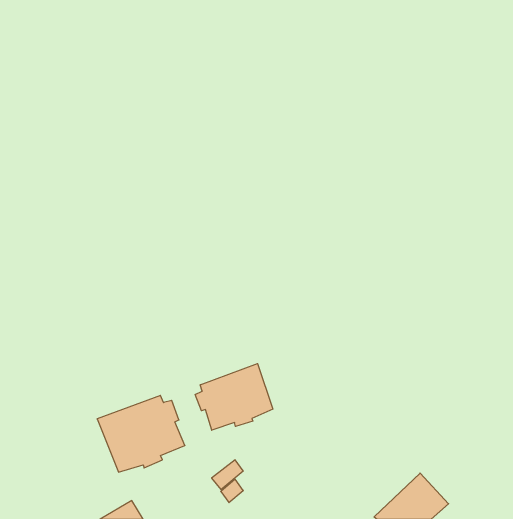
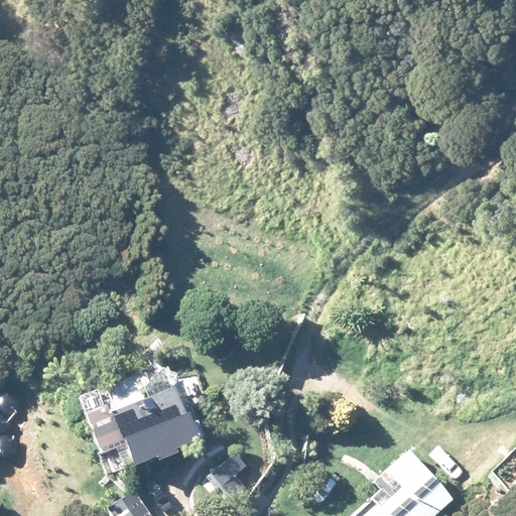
building: [195,364,273,430] -> none

